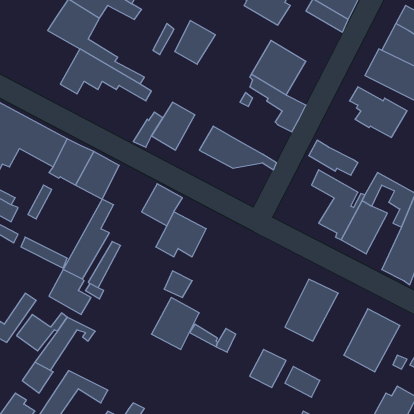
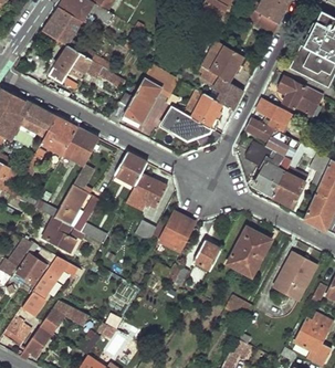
building: [175,21,215,64] -> [139,64,171,98]
building: none -> [192,95,222,129]
building: none -> [258,98,292,134]
building: [151,298,199,349] -> [158,212,196,253]
building: [250,349,286,387] -> [193,241,222,271]

